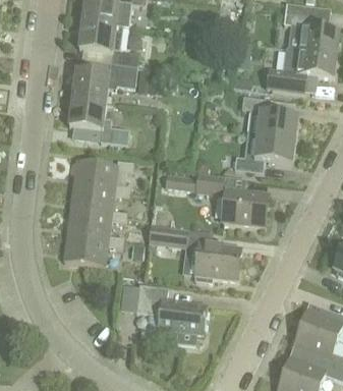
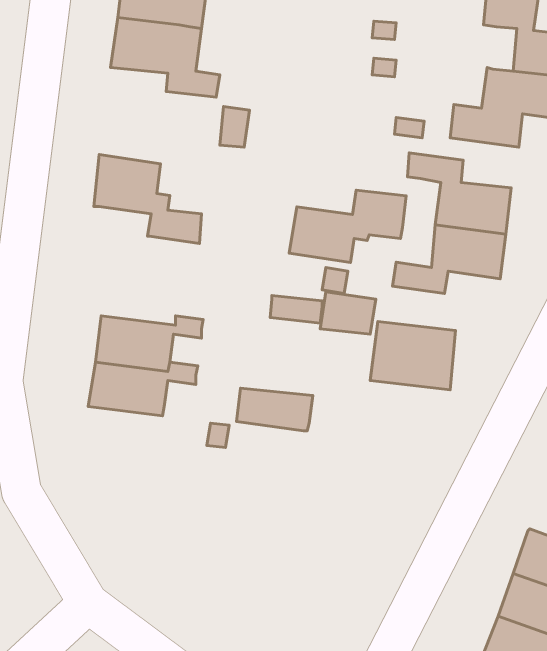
building: [72,62,136,102] -> [289,190,406,263]
building: [73,160,132,190] -> none
building: [63,235,123,266] -> none
building: [194,243,240,282] -> none
building: [135,284,205,344] -> none

